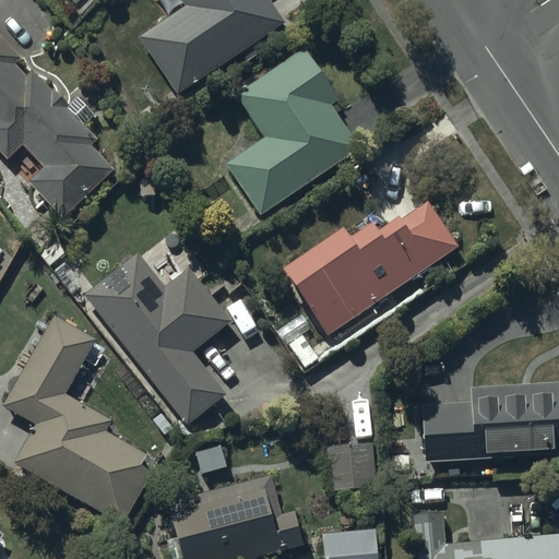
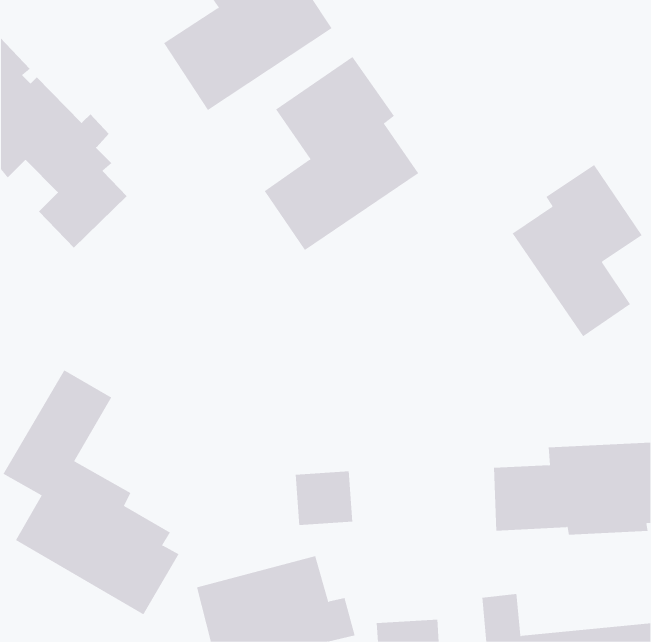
building: none -> [512,164,643,337]
building: [284,203,460,340] -> none
building: [85,253,231,425] -> none
building: [328,442,378,489] -> [295,471,353,526]

